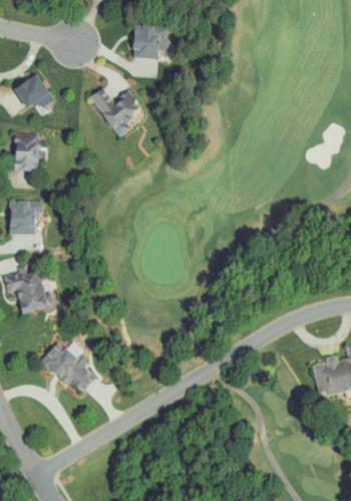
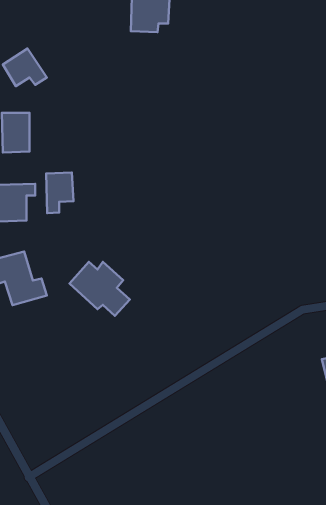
building: [90,86,141,138] -> none
building: none -> [46,173,73,213]
building: [40,341,96,392] -> [70,262,130,316]

